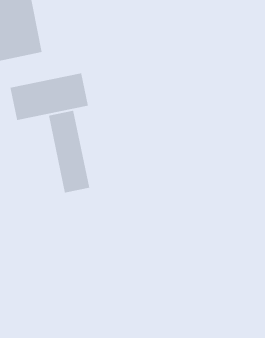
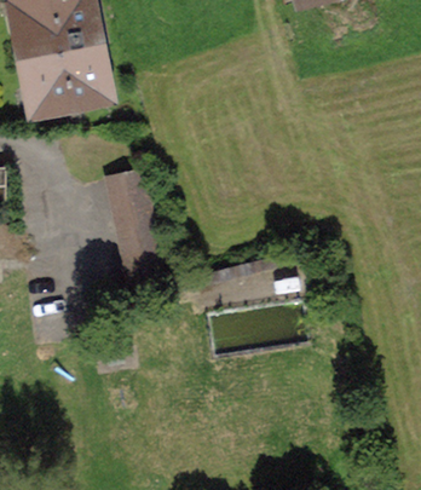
building: [10,72,88,121] -> none

